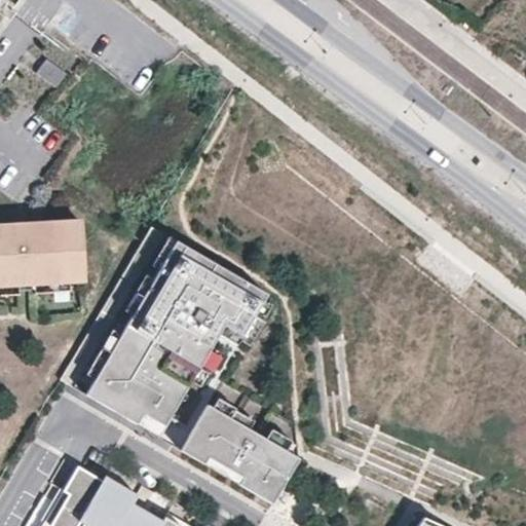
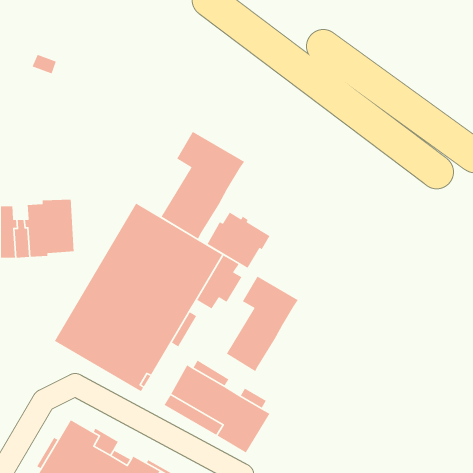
building: none -> [161,131,245,240]
building: none -> [207,211,271,269]
building: none -> [226,276,299,372]

